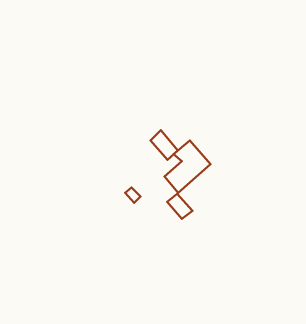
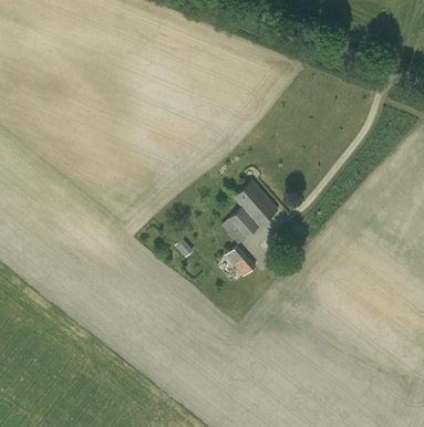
building: [151,130,178,160] -> none

